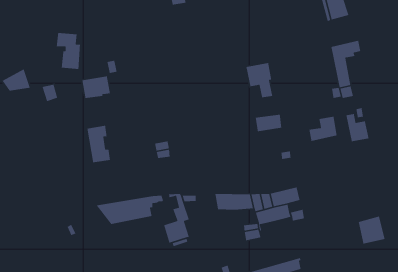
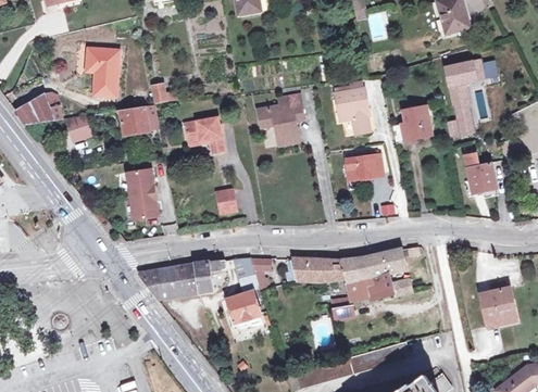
building: none -> [258,94,303,144]
building: none -> [185,117,223,152]
building: [308,116,338,142] -> [391,106,429,140]

